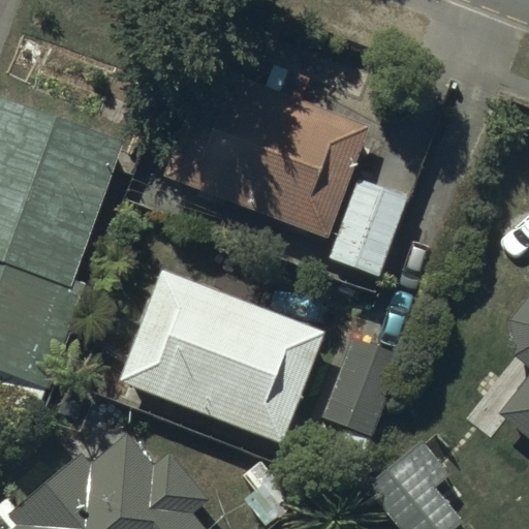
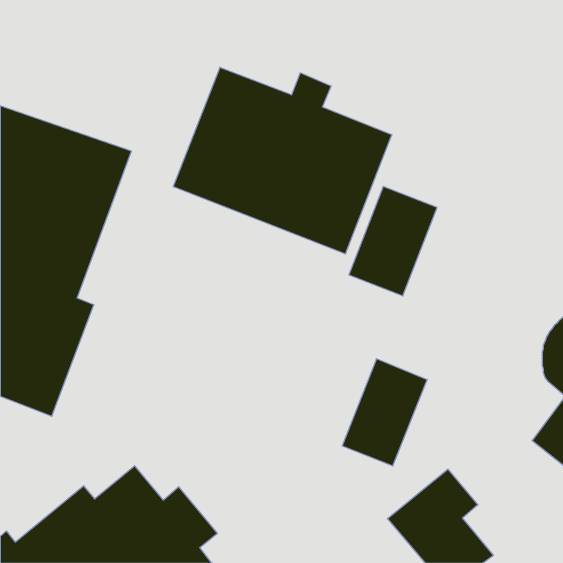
building: [118,268,323,442] -> none

